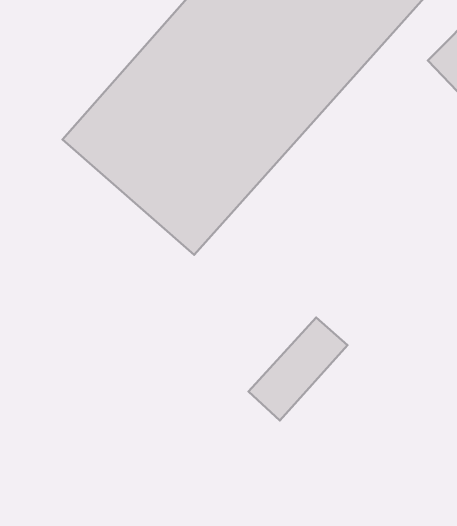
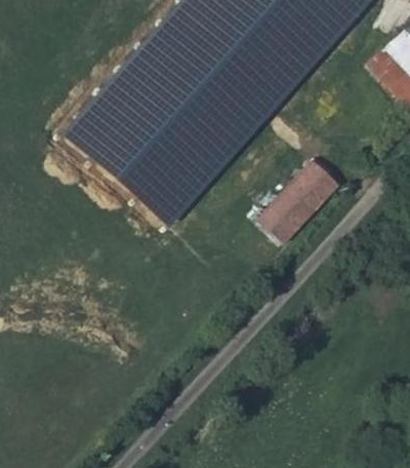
building: [248,318,348,420] -> [258,157,339,241]

